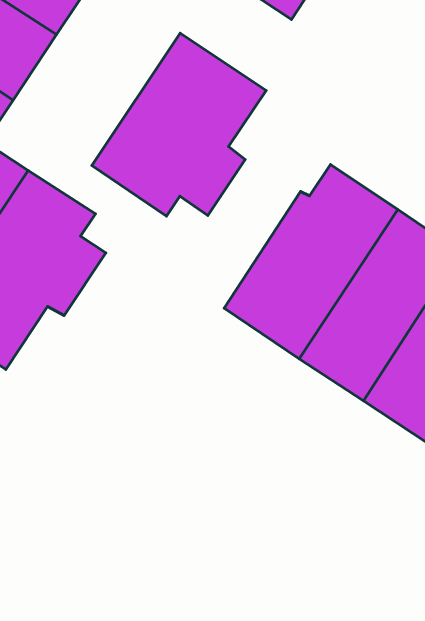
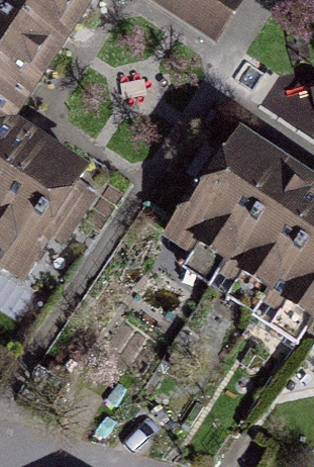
building: [92,33,266,216] -> none

